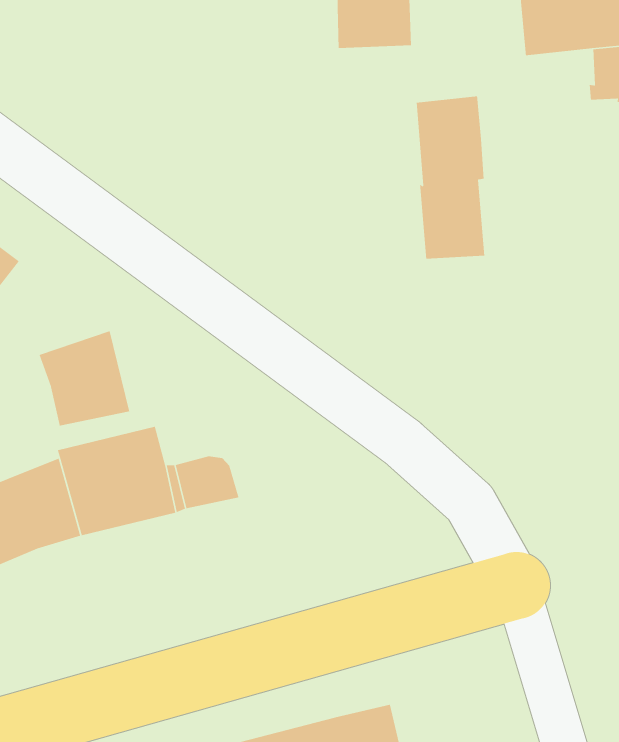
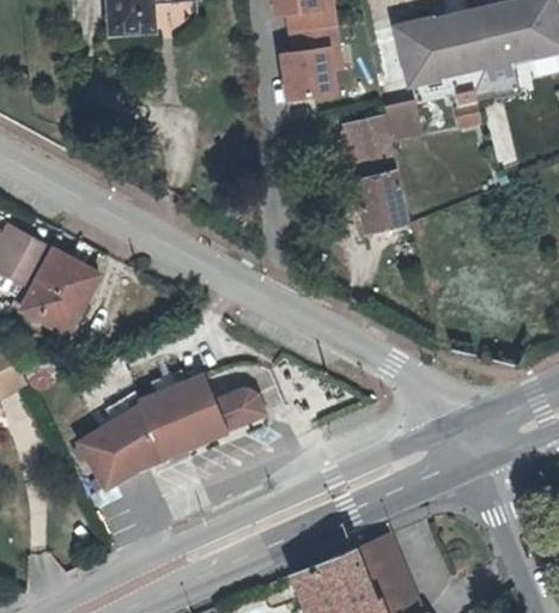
building: none -> [385,104,424,145]
building: [39,330,130,427] -> none

